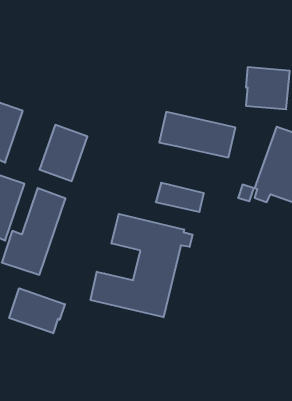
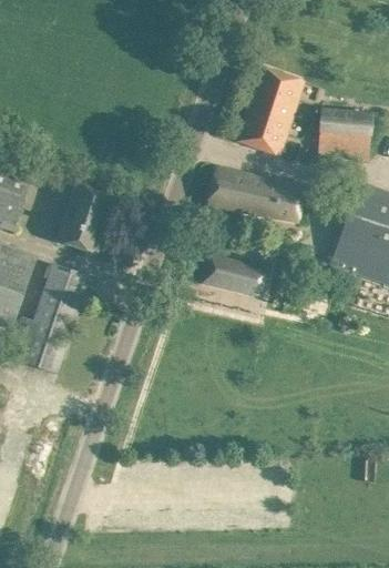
building: none -> [238,65,304,154]
building: [91,214,193,317] -> none
building: [9,288,65,333] -> none

